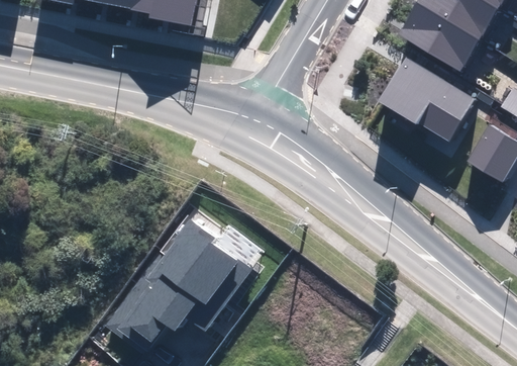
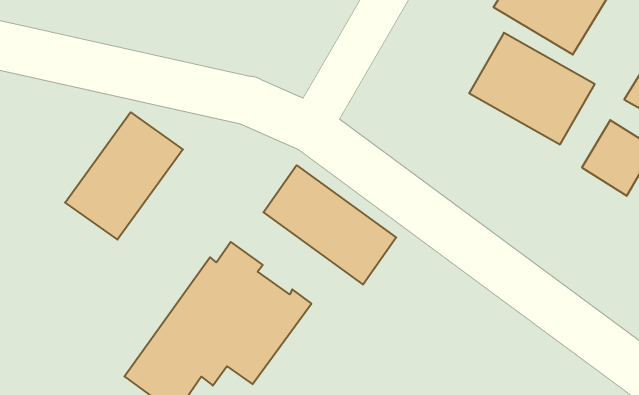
building: none -> [65,112,183,240]
building: none -> [263,165,396,285]

